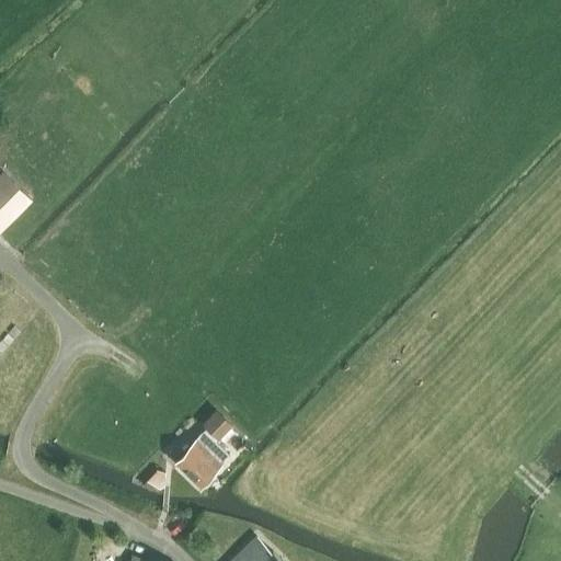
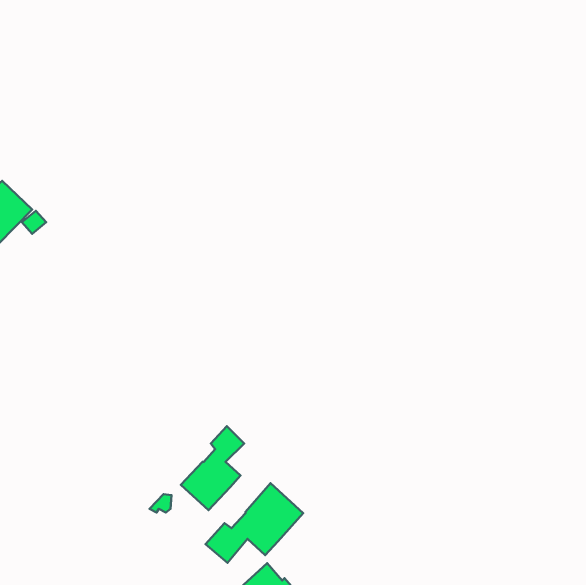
building: none -> [205,483,303,563]

